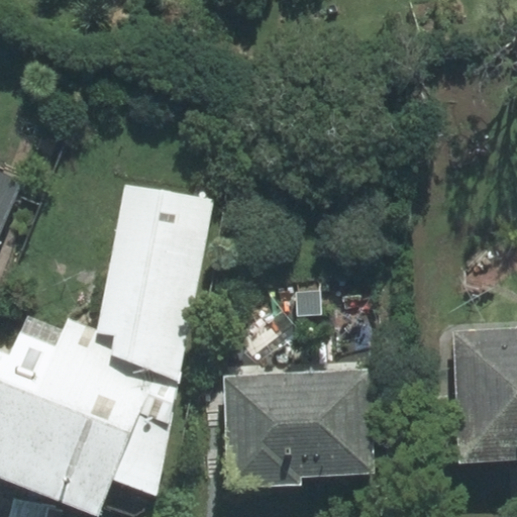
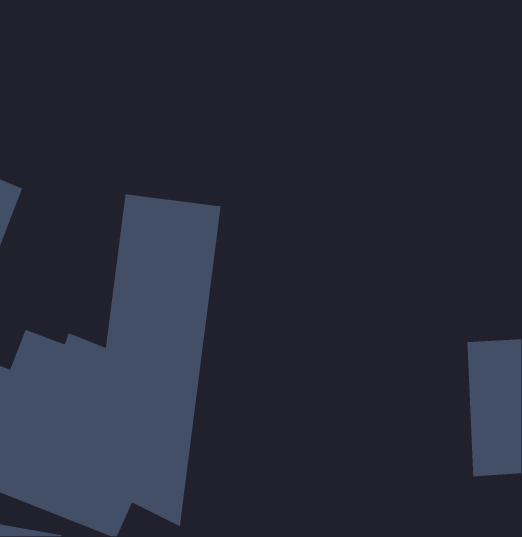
building: [220,371,375,493] -> none

